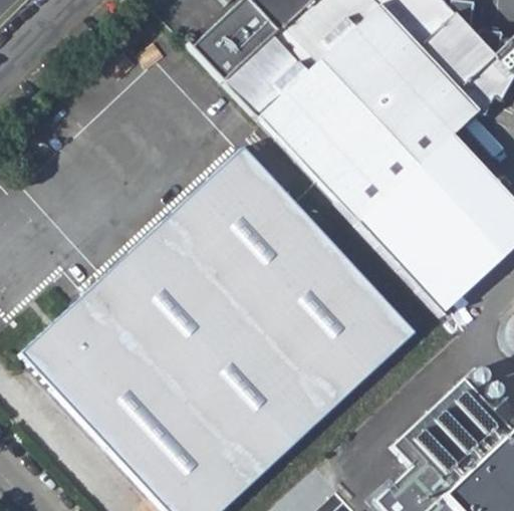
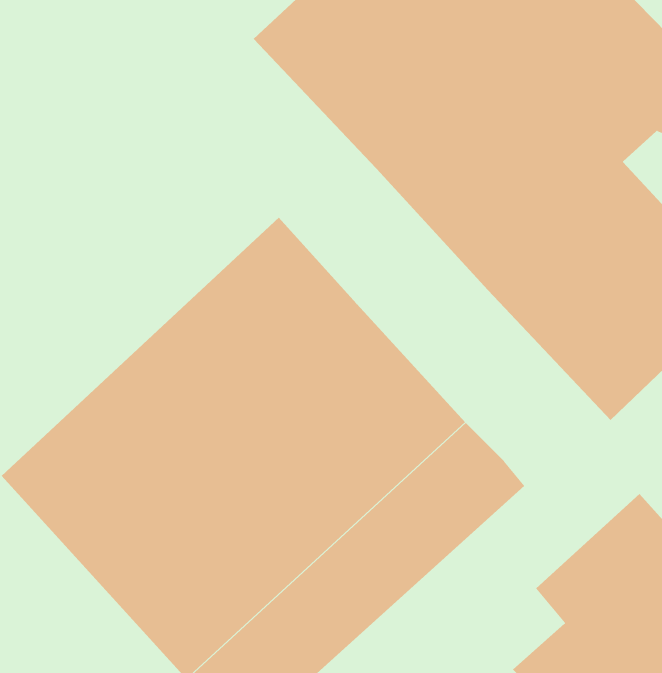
building: [216,148,416,359] -> none

